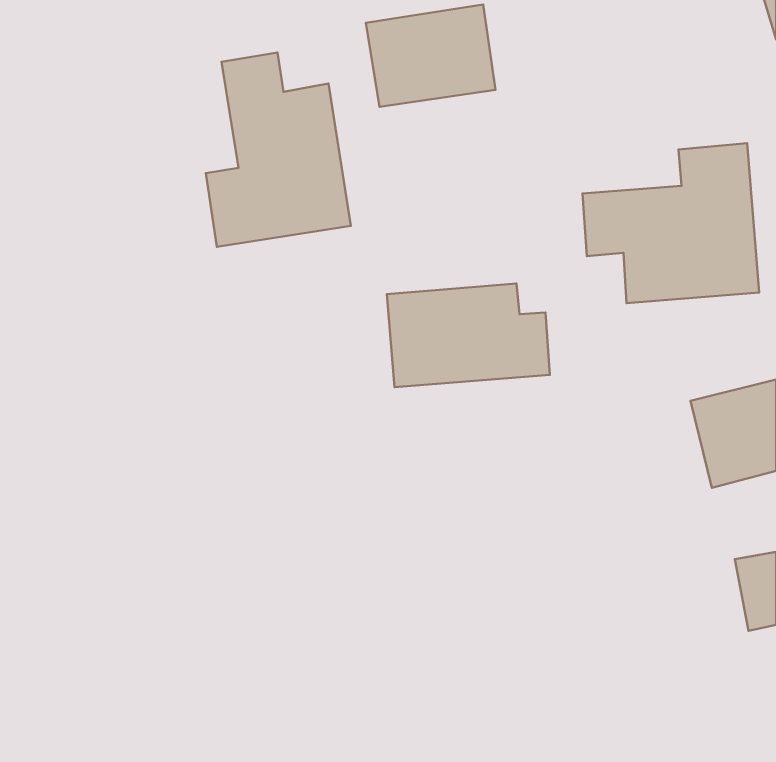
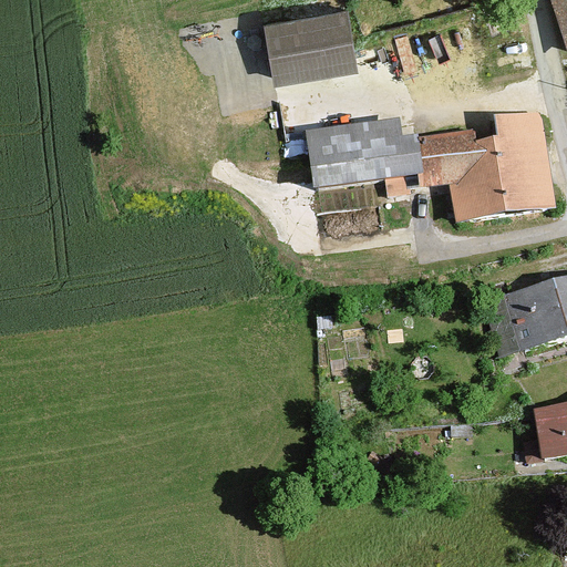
building: [206,52,351,247] -> none
building: [387,284,550,387] -> [308,120,426,195]

